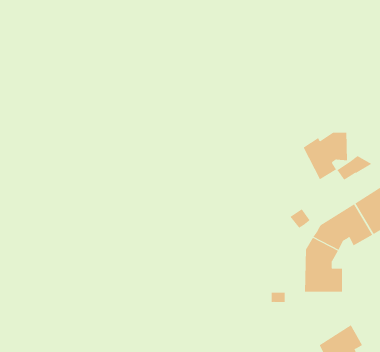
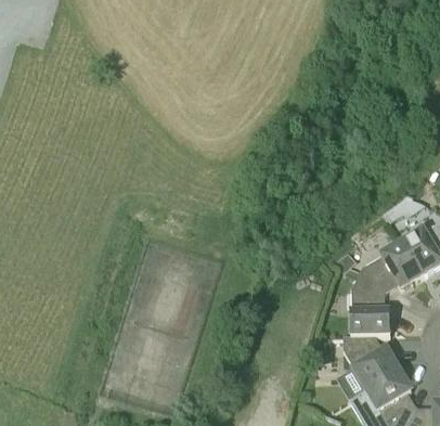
building: [303,132,347,180] -> none
building: none -> [342,335,399,390]

